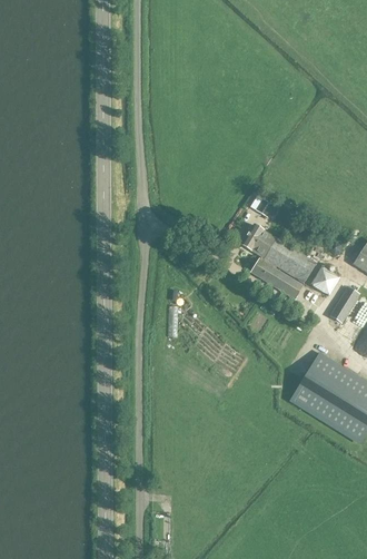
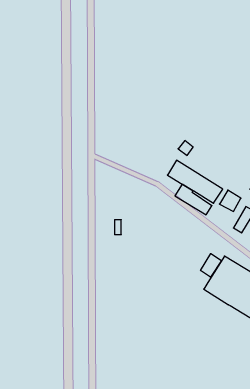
building: none -> [201,254,222,277]

